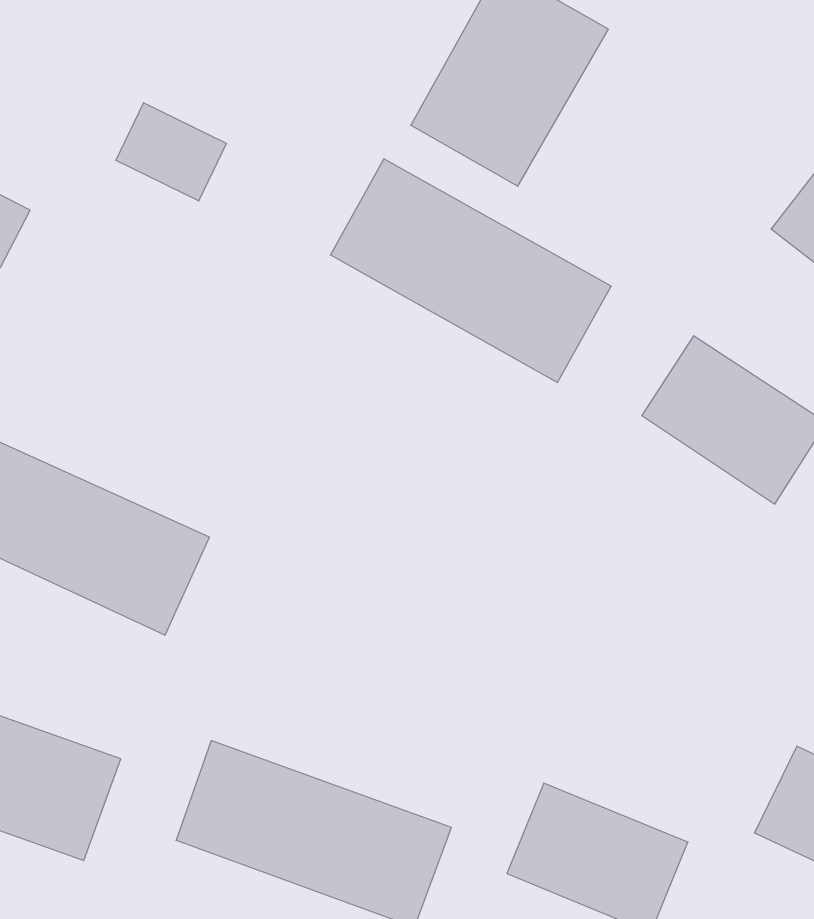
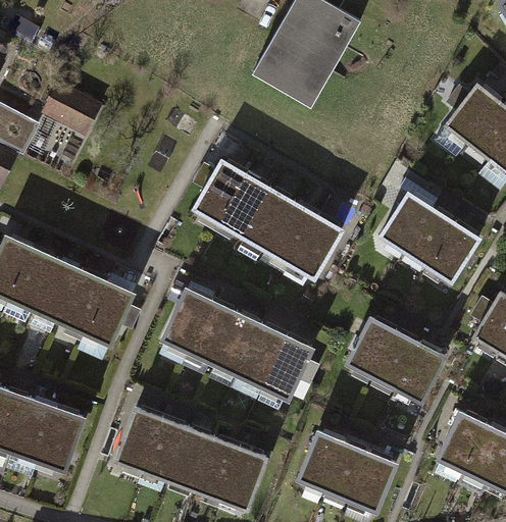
building: [116,103,227,201] -> [41,84,102,138]
building: [330,159,611,382] -> [193,161,348,284]
building: none -> [160,290,315,403]
building: none -> [341,310,443,397]

